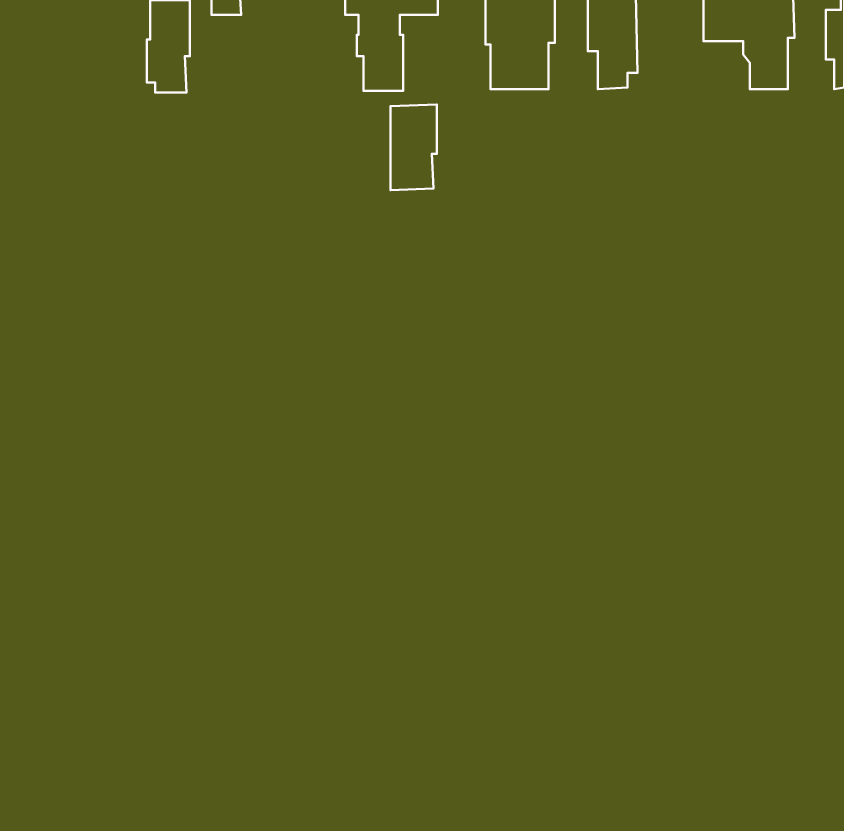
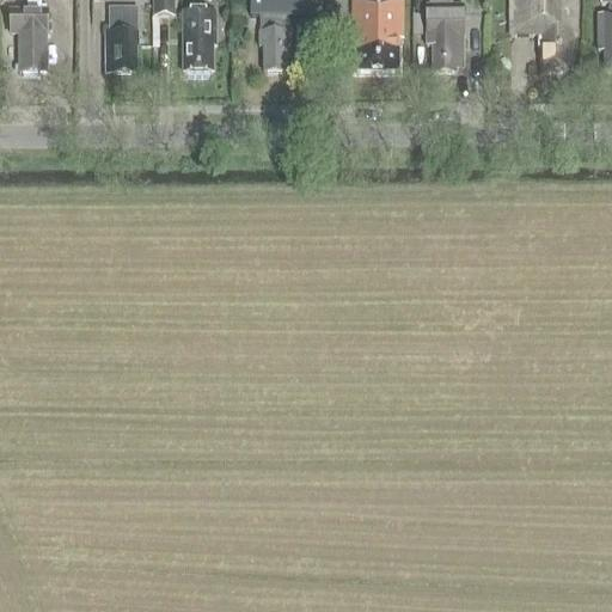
building: none -> [8,5,47,67]
building: [391,104,437,190] -> [182,5,215,67]

